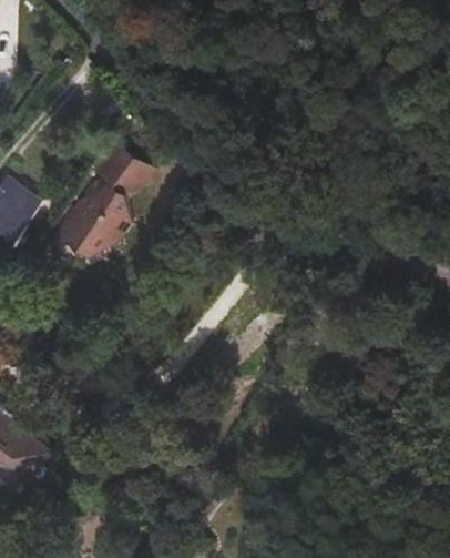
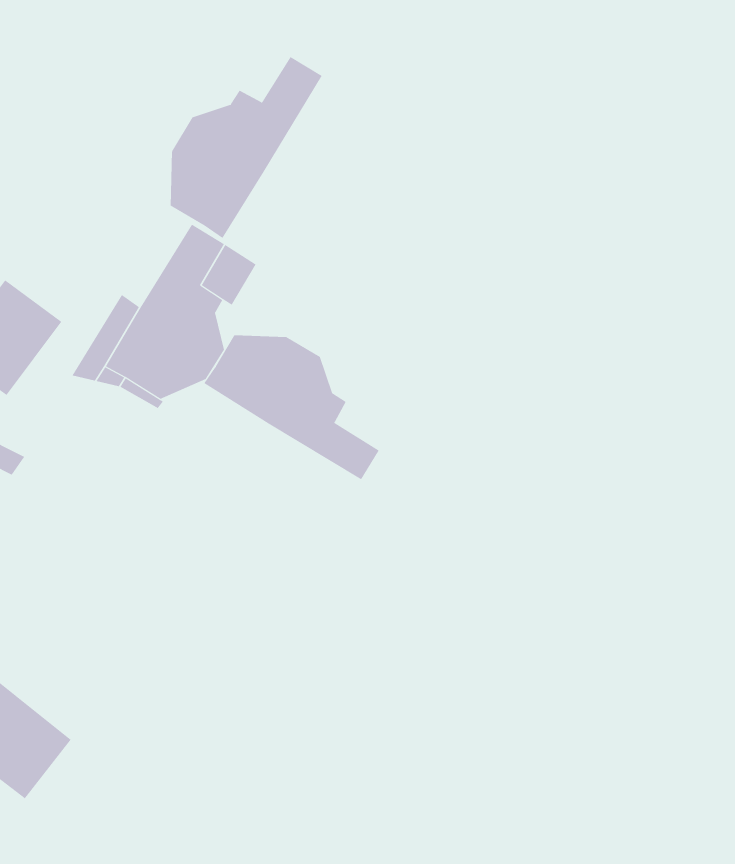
building: none -> [170,56,322,239]
building: none -> [203,334,379,480]

